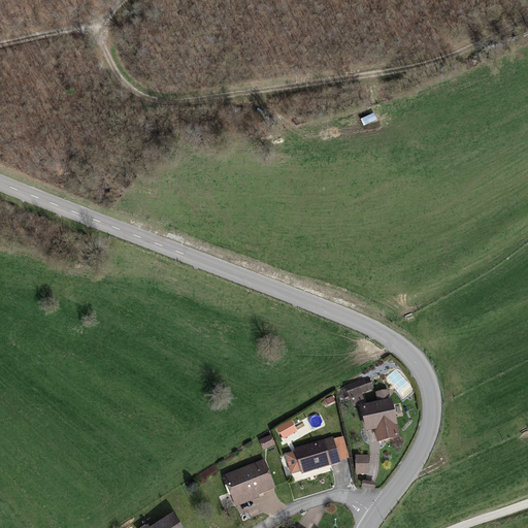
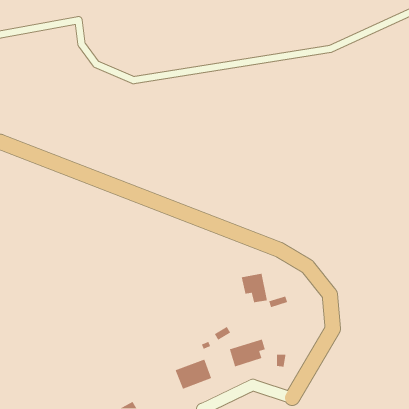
building: [362,400,397,439] -> [241,273,268,303]

